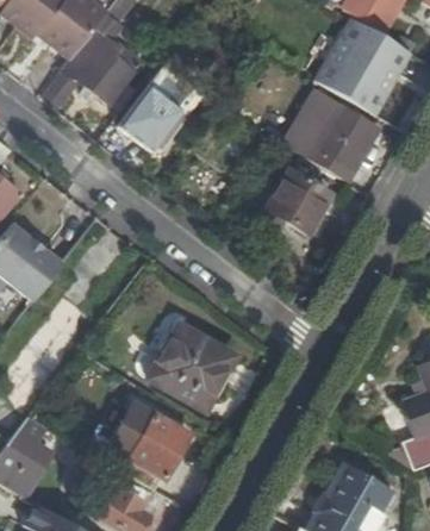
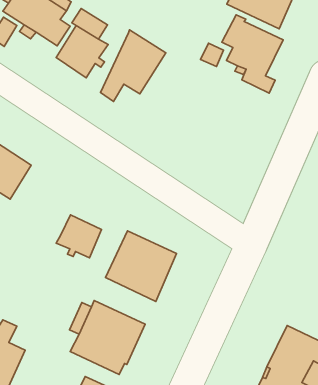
building: none -> [100,30,166,101]
building: [263,168,329,231] -> none
building: none -> [56,215,102,258]

